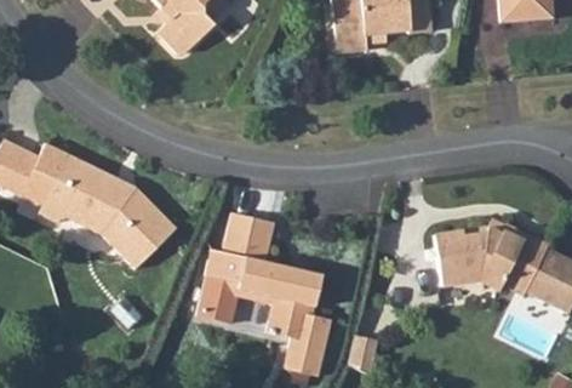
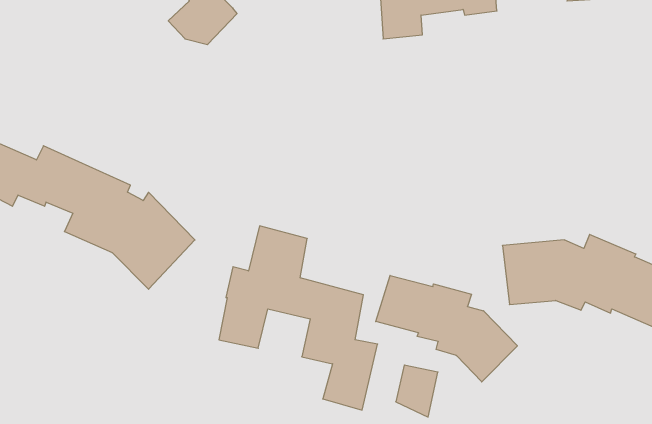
building: none -> [376,275,517,382]

